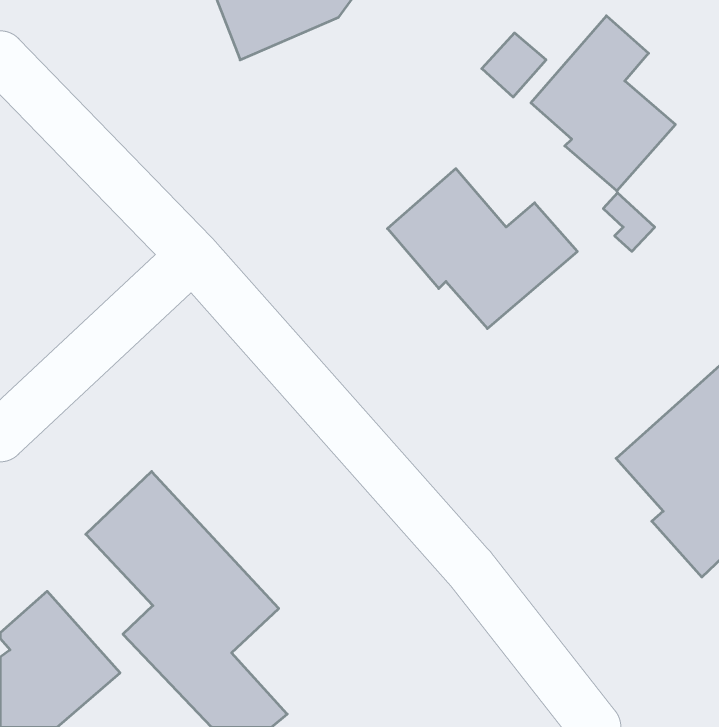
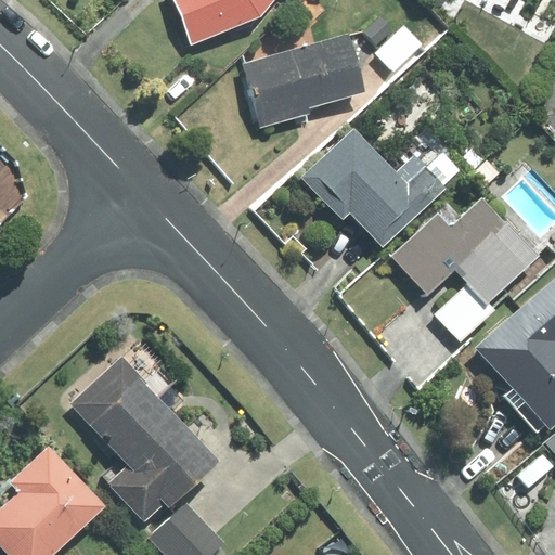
building: [531,16,675,191] -> none
building: none -> [244,35,364,129]
building: none -> [392,196,539,344]

